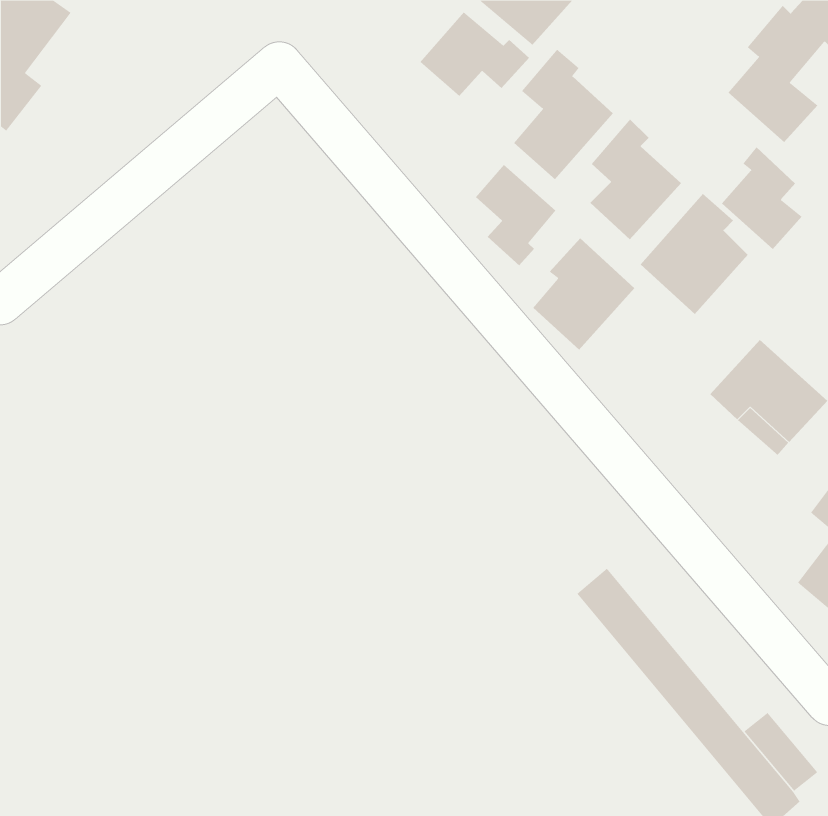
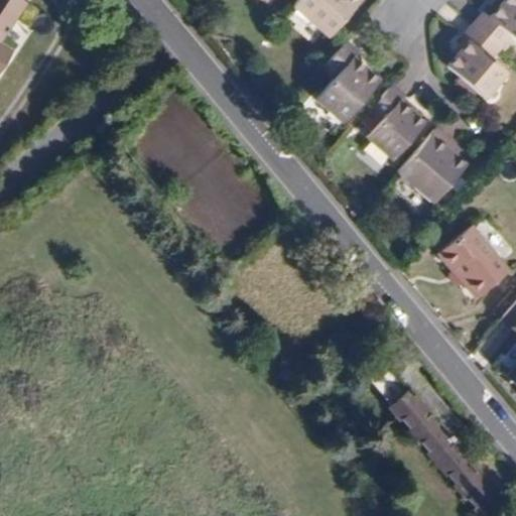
building: [419,11,530,97] -> none
building: [721,146,802,250] -> none
building: [475,164,556,266] -> none
building: [532,237,635,351] -> none

